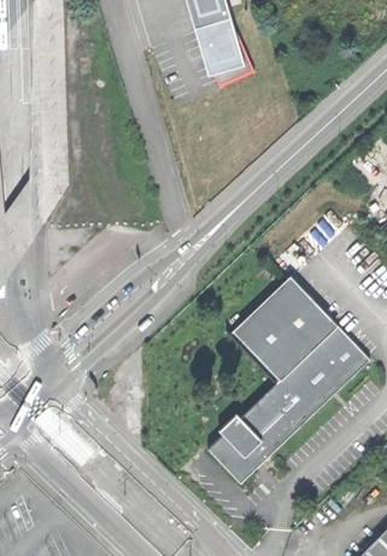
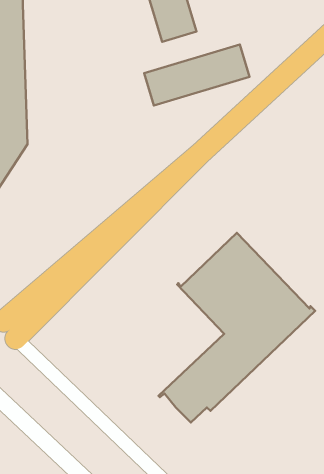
building: none -> [144,44,250,106]

